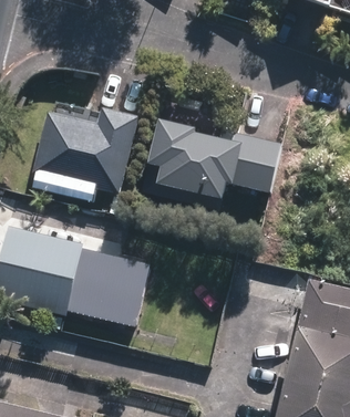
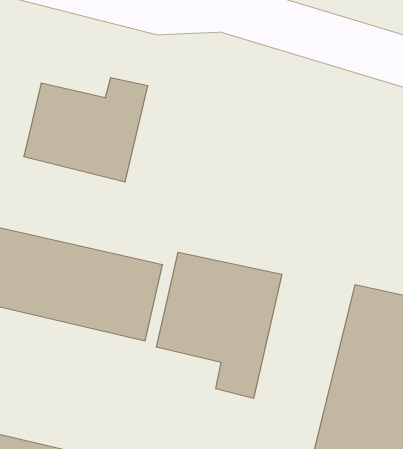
building: [146,121,282,200] -> none
building: none -> [156,252,282,398]

